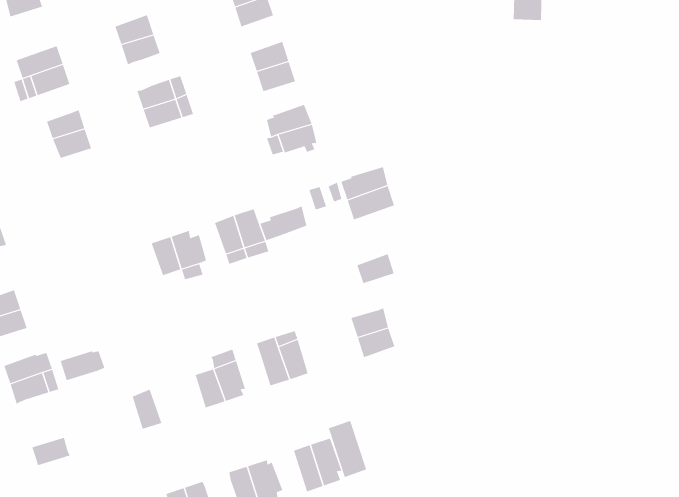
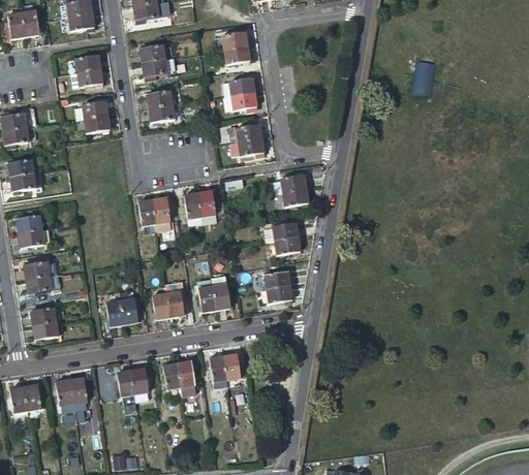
building: [260,206,307,241] -> [267,221,299,241]
building: [60,350,105,381] -> [31,308,61,325]
building: none -> [121,297,142,324]
building: [328,420,367,478] -> none

